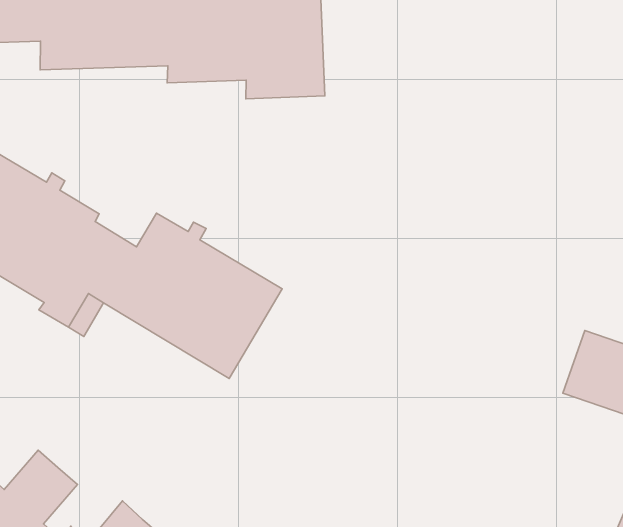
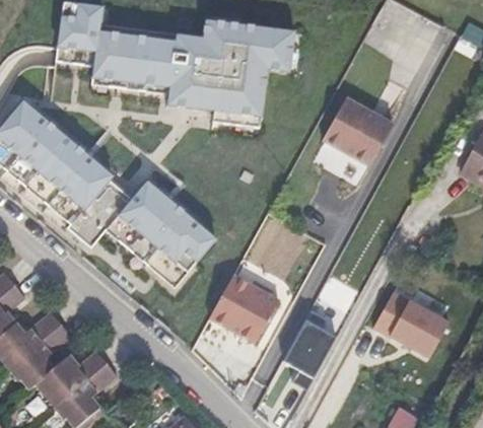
building: none -> [325,94,395,162]
building: none -> [210,275,279,343]
building: none -> [284,311,336,390]

